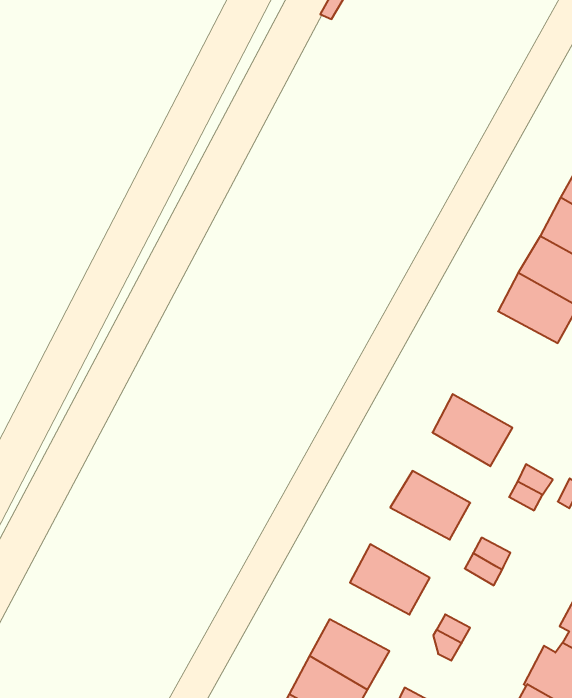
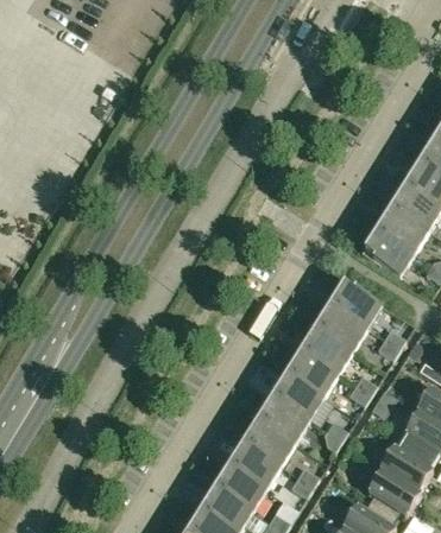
building: none -> [363,228,414,274]
building: none -> [316,303,366,349]
building: none -> [286,349,338,395]
building: none -> [258,395,309,440]

